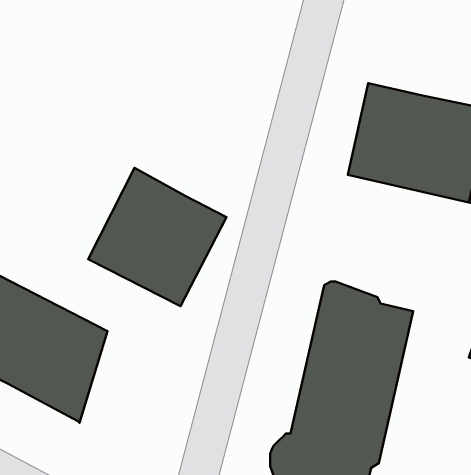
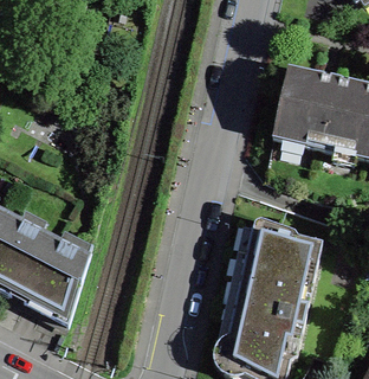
building: [88,168,227,306] -> none

